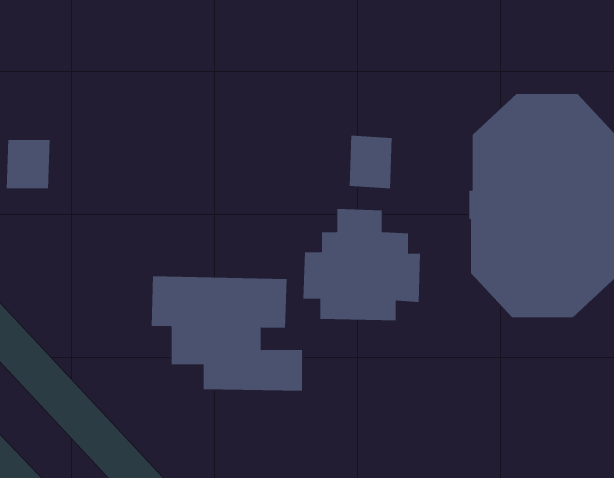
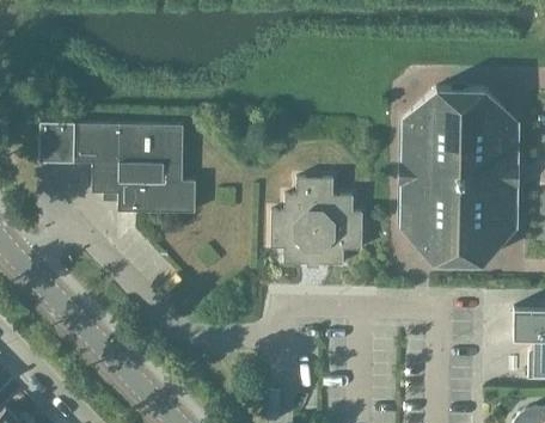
building: [349,135,392,189] -> none
building: [151,276,303,391] -> [78,124,196,214]

